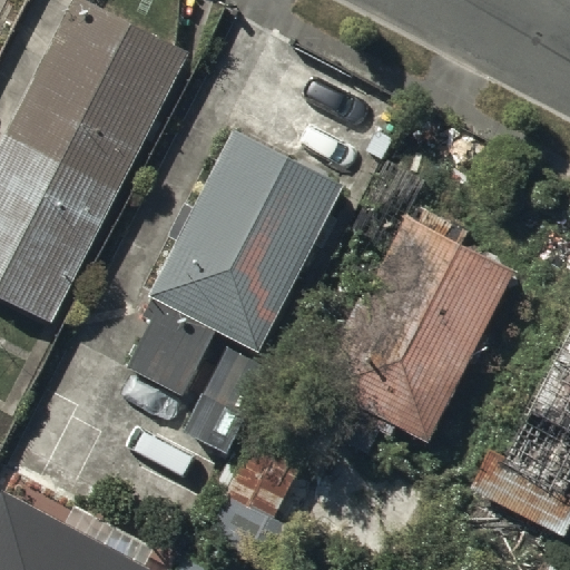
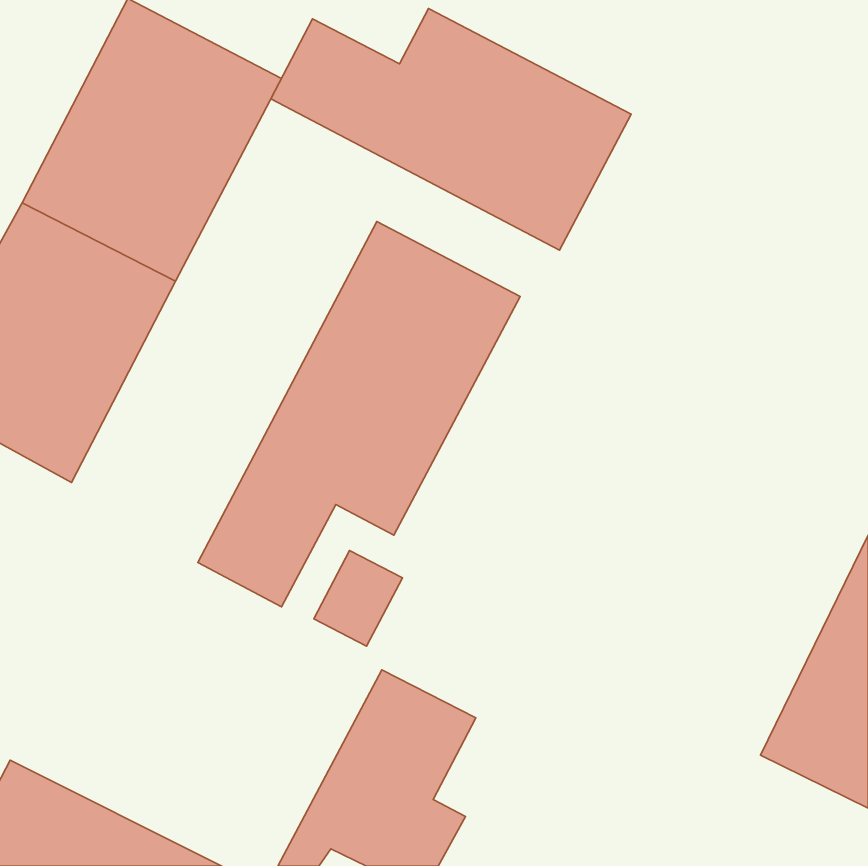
building: none -> [271,8,631,250]
building: [321,224,509,441] -> none

